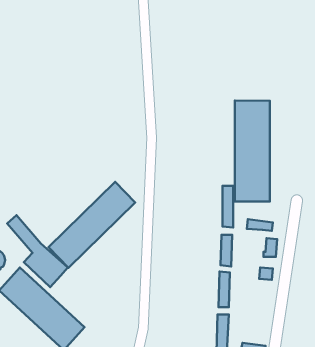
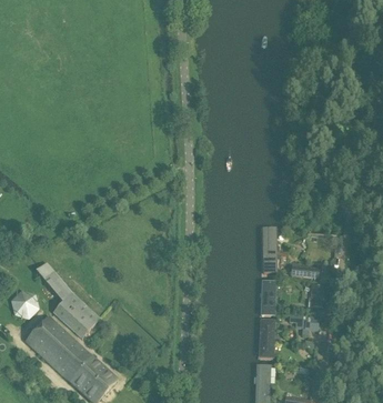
building: [235,101,270,202] -> none
building: [49,182,135,268] -> none

